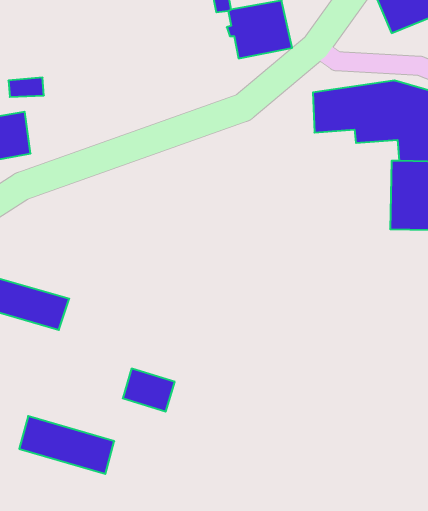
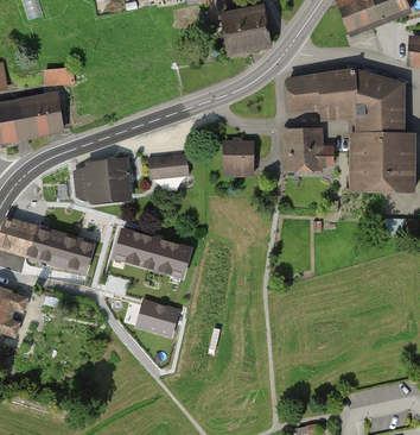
building: none -> [281,131,333,171]
building: none -> [224,138,252,170]
building: none -> [148,155,189,179]
building: none -> [76,162,133,201]
building: [19,416,114,474] -> [114,229,190,276]

